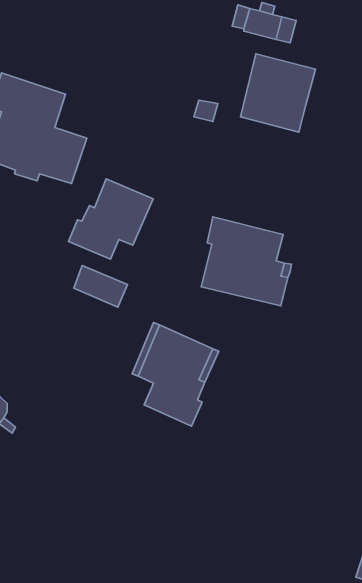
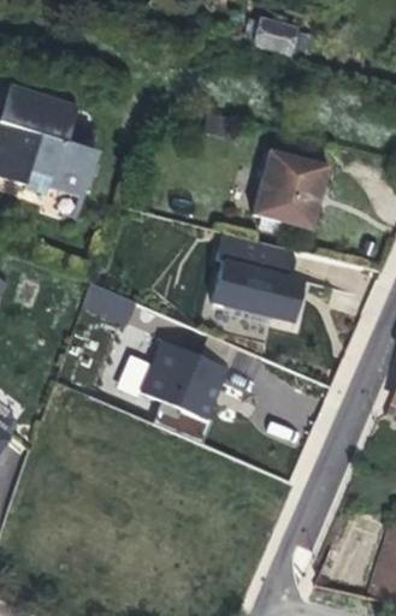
building: [241,54,315,132] -> [253,150,329,230]
building: [69,179,153,259] -> none

